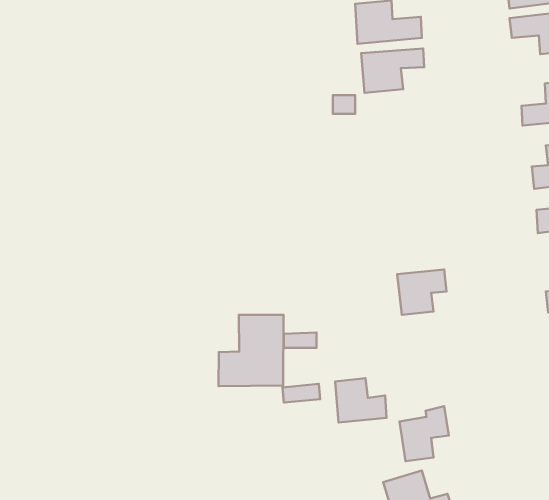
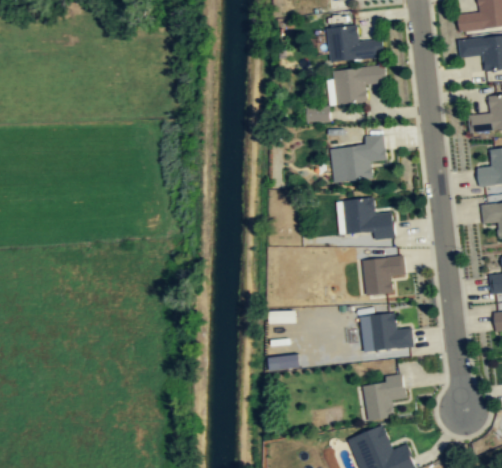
building: none -> [329,134,386,182]
building: none -> [343,199,393,238]
building: [219,315,283,386] -> none
building: [335,378,387,422] -> [369,311,413,349]

